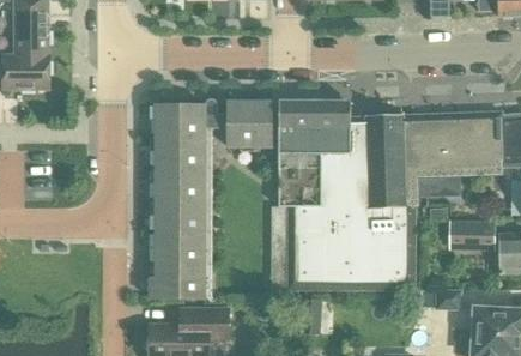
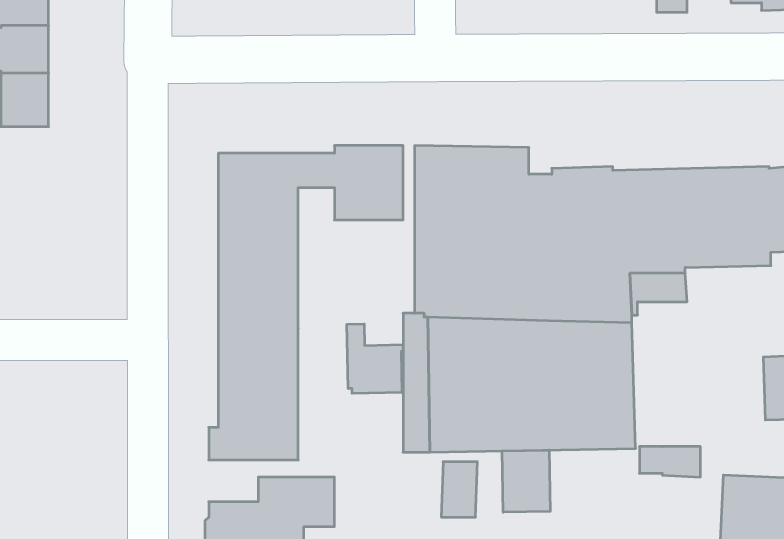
building: none -> [347,324,403,393]
building: [448,219,493,249] -> none
building: none -> [502,450,550,512]

